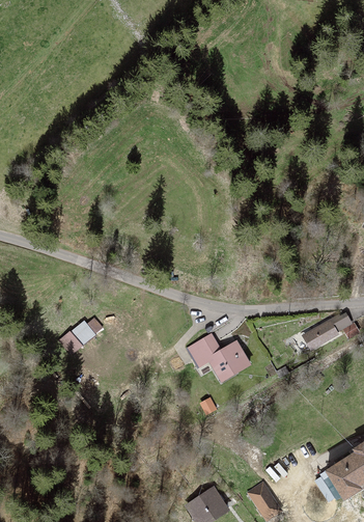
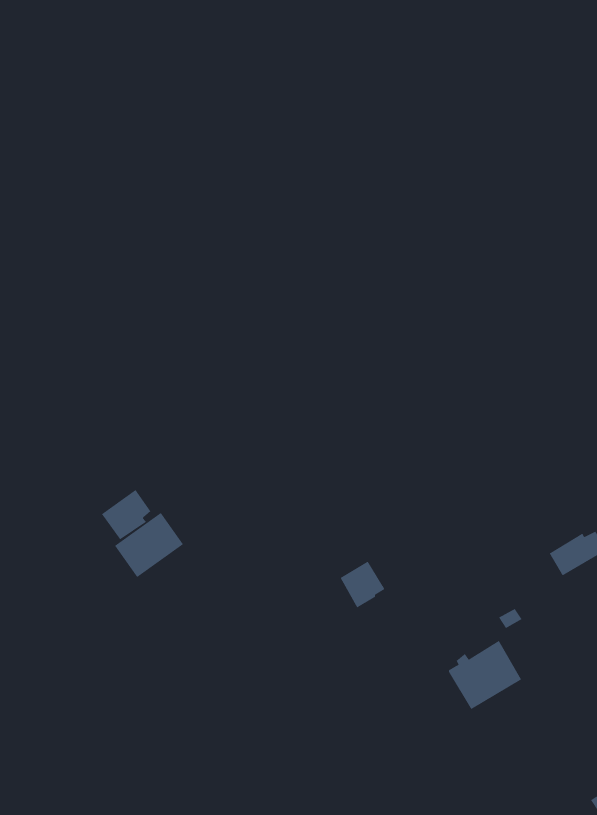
building: none -> [101,489,151,540]
building: [208,341,249,380] -> [448,640,522,710]

